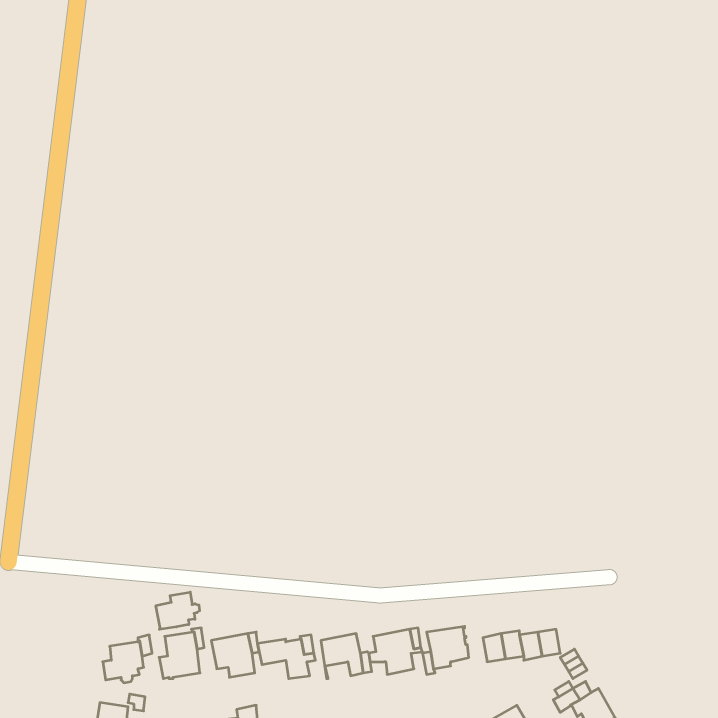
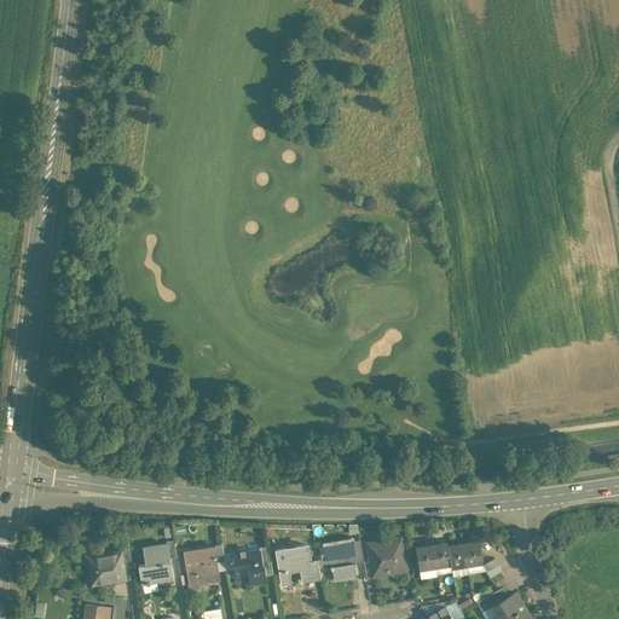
building: [156,592,200,629] -> none

